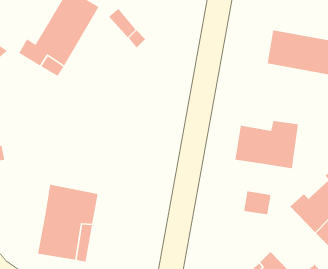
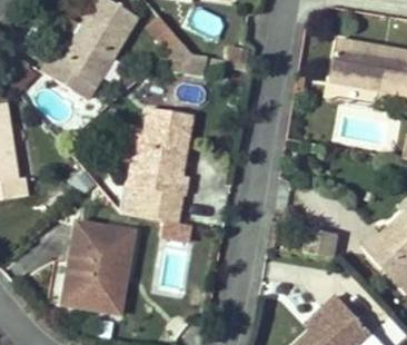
building: none -> [128,106,191,220]
building: [234,120,299,169] -> none

